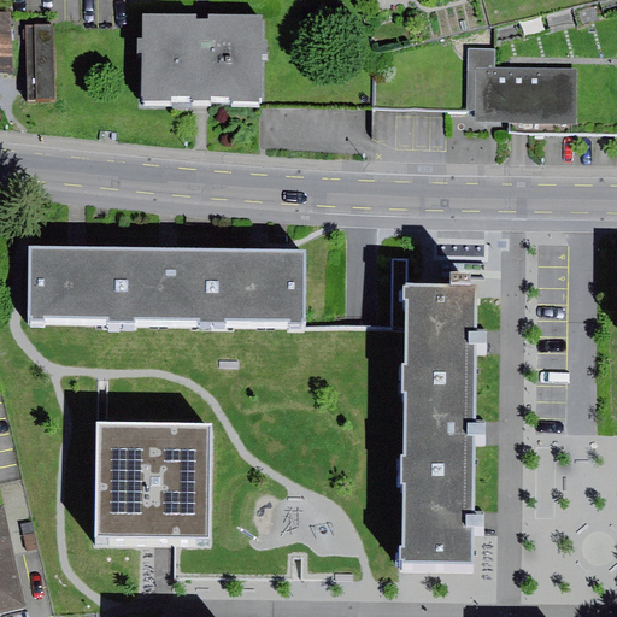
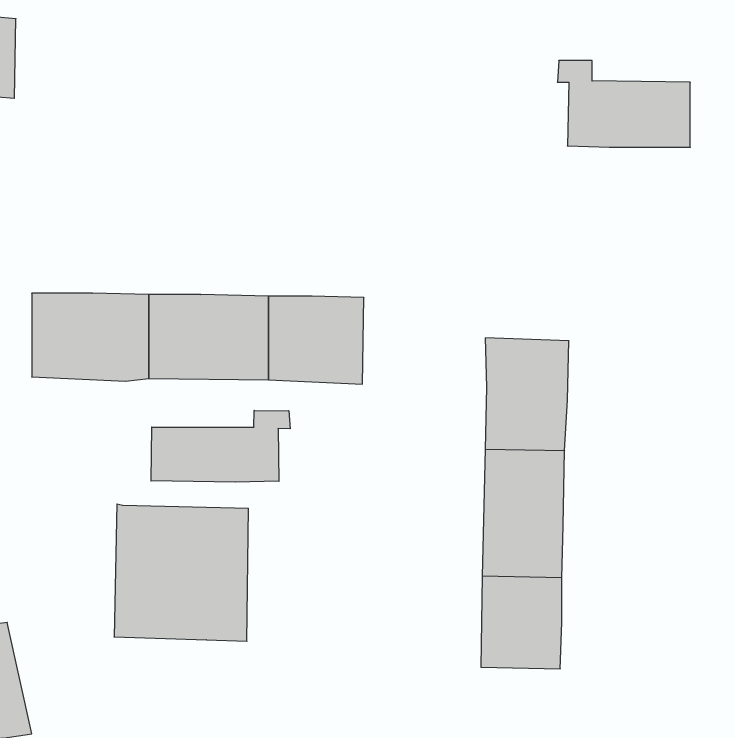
building: [140,19,260,108] -> none
building: [23,24,54,100] -> none
building: none -> [151,410,290,482]

